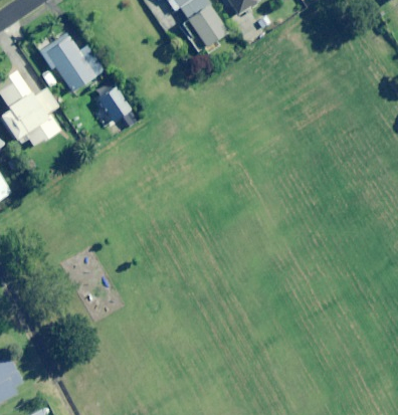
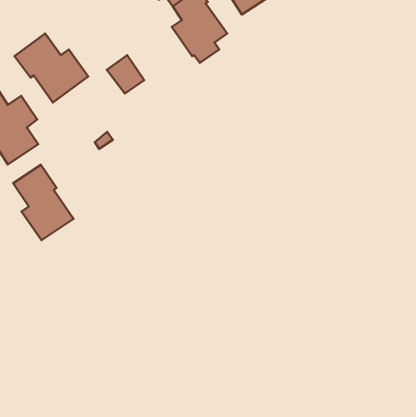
building: [96,87,130,122] -> [107,55,144,94]
building: none -> [13,165,74,240]

